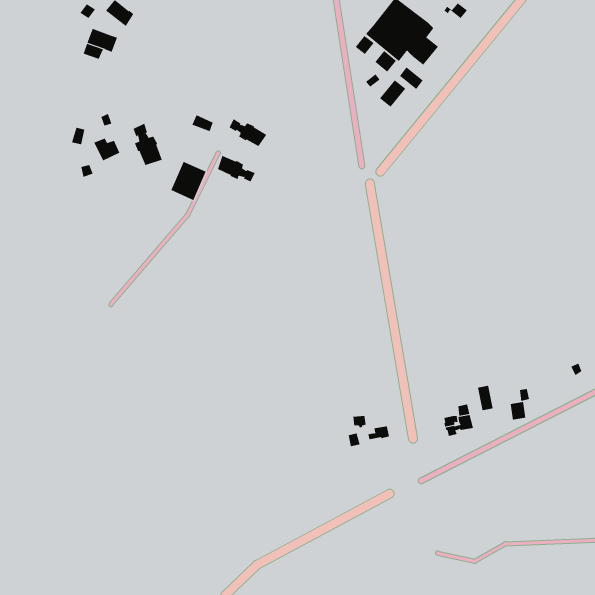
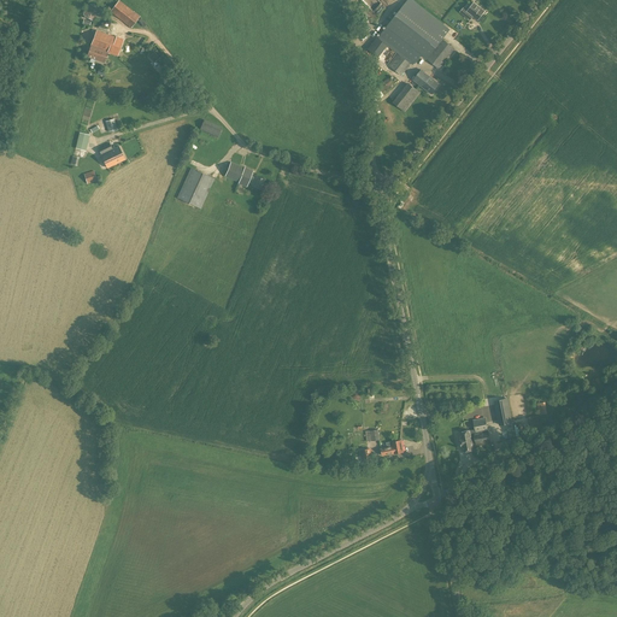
building: [229,118,267,147] -> none
building: [133,123,163,166] -> none

